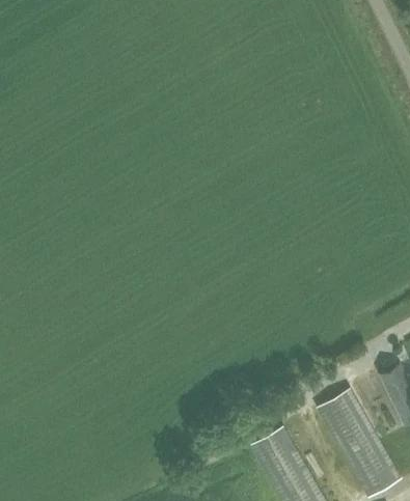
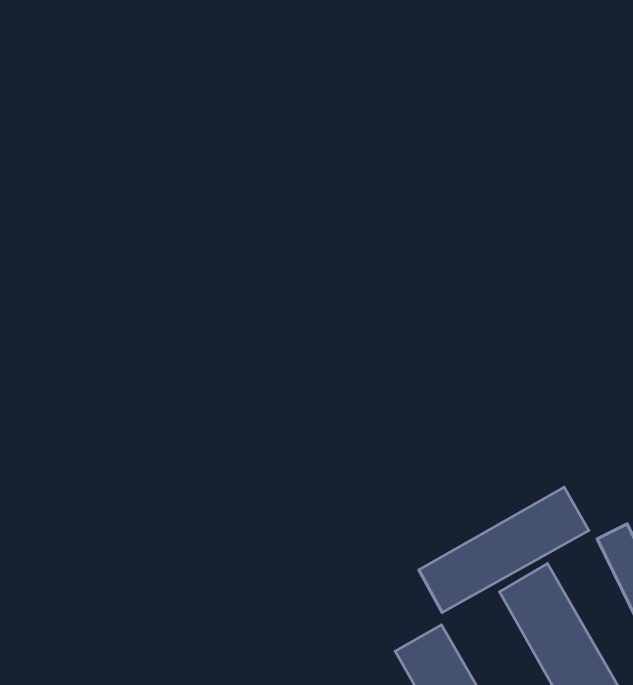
building: none -> [419,487,589,612]

